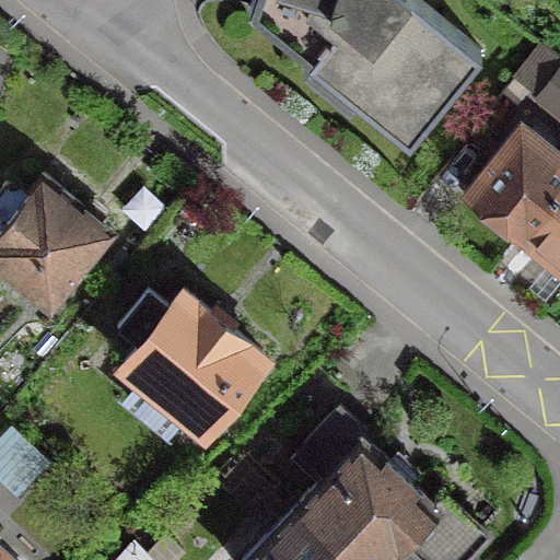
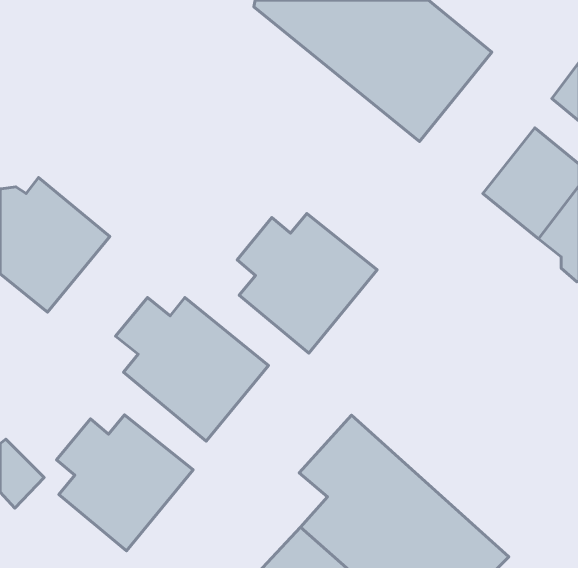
building: none -> [237,213,377,353]
building: none -> [57,415,193,551]

